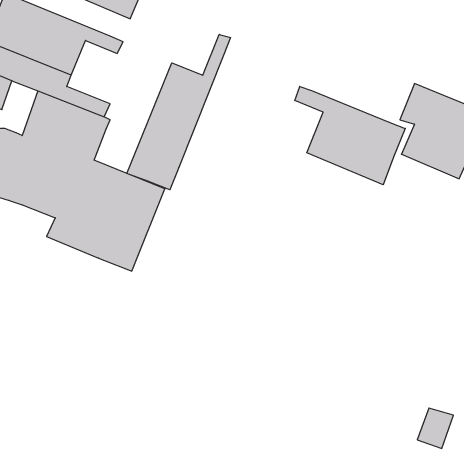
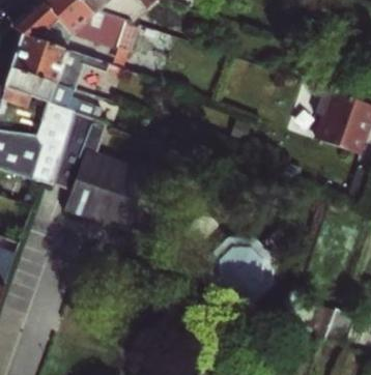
building: [127,34,230,190] -> none
building: [295,86,405,185] -> none

